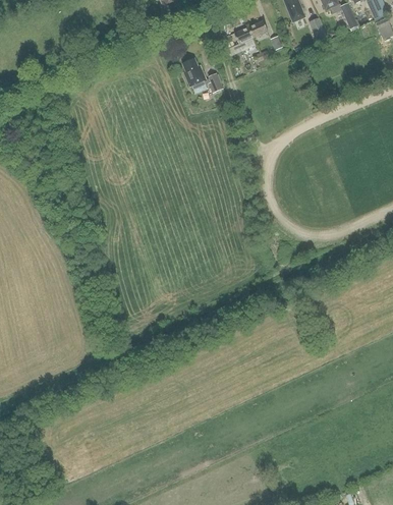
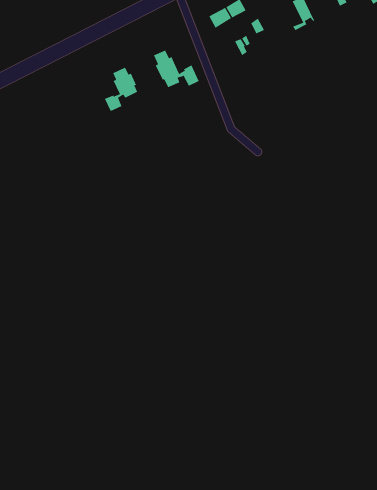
building: none -> [104,67,138,112]

